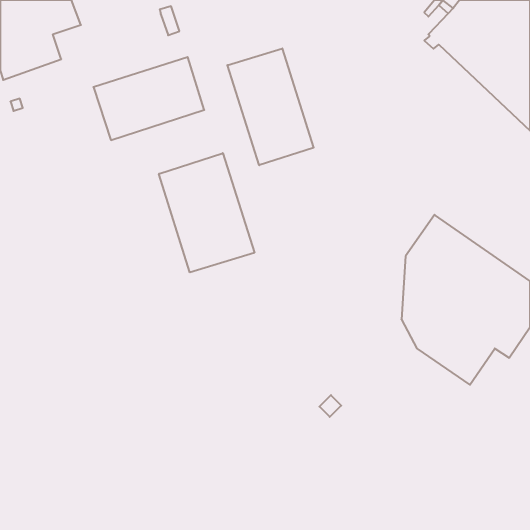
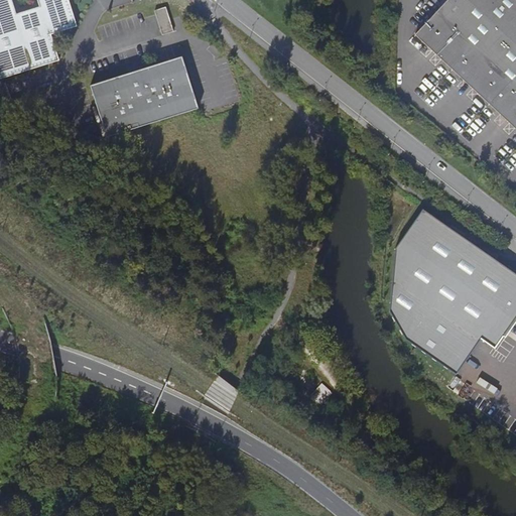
building: [227,48,314,165] -> none
building: [159,153,254,272] -> none

